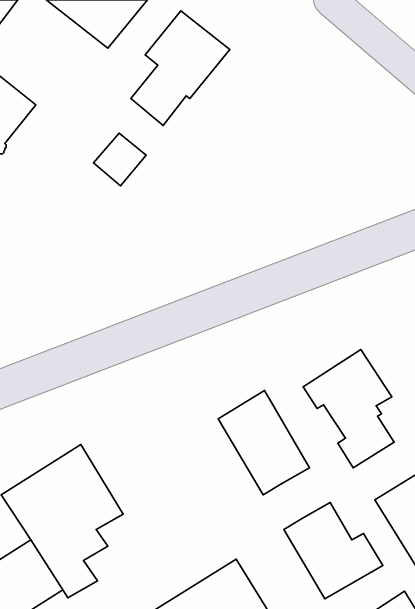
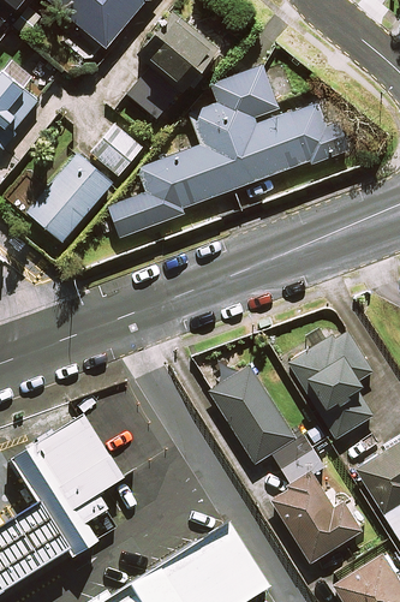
building: none -> [107,66,344,238]
building: none -> [26,154,111,242]
building: none -> [268,433,322,485]

